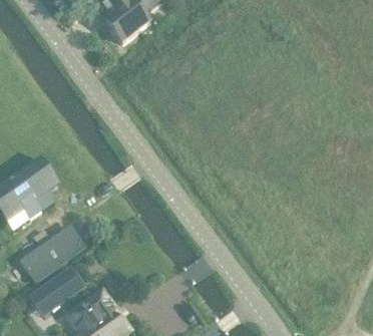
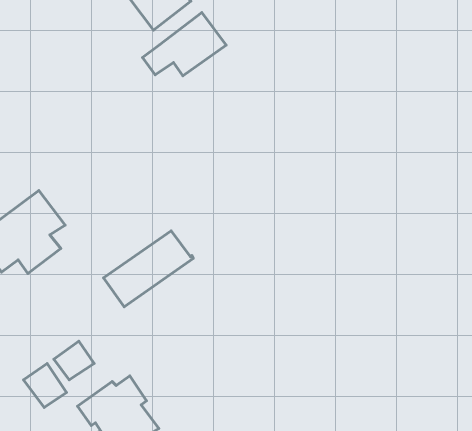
building: none -> [143,13,226,76]
building: [21,225,86,280] -> [103,231,193,307]

